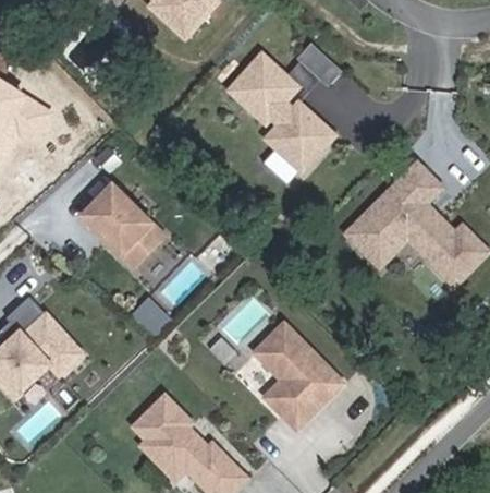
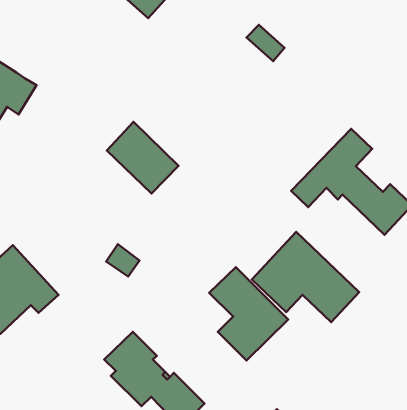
building: [229,55,330,169] -> none
building: [81,184,162,266] -> [107,122,178,193]
building: none -> [252,232,359,322]

